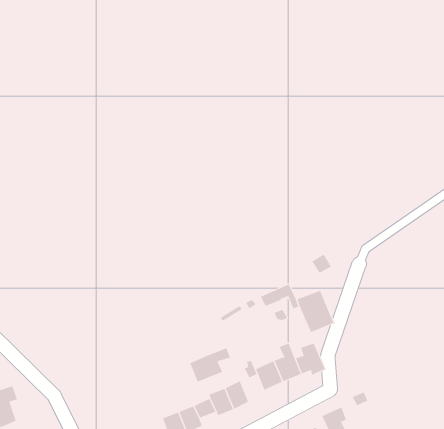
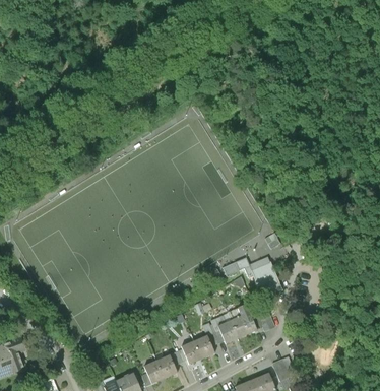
building: [189,348,231,382] -> none

